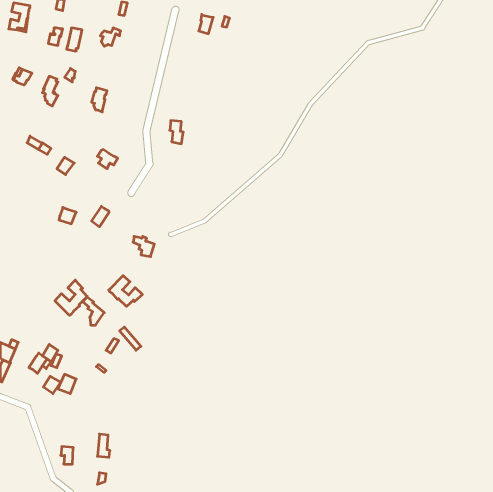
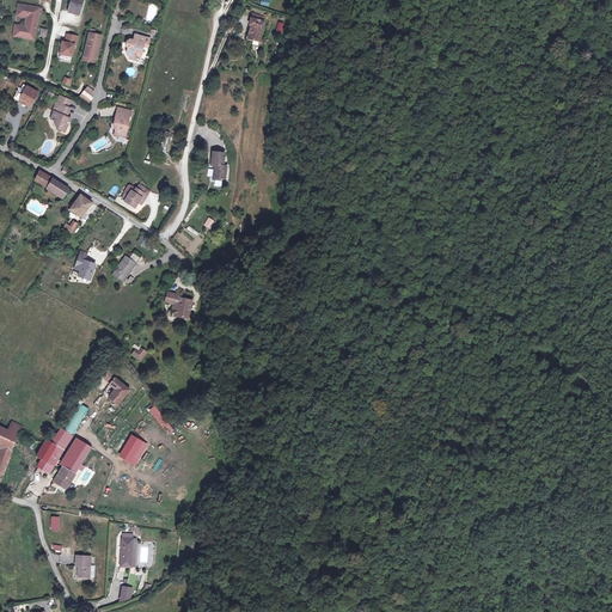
building: [109,276,142,306] -> none
building: [55,280,87,315] -> none

